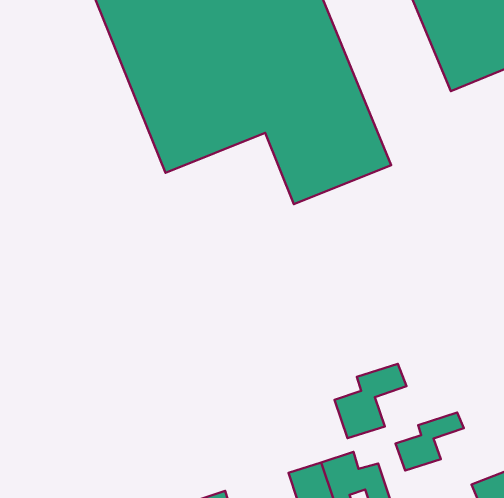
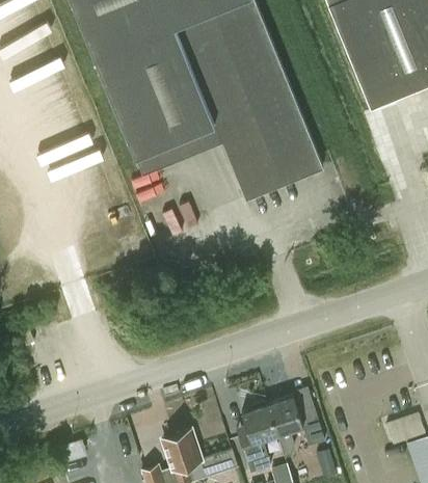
building: [334,364,407,438] -> none
building: [396,413,464,471] -> none

